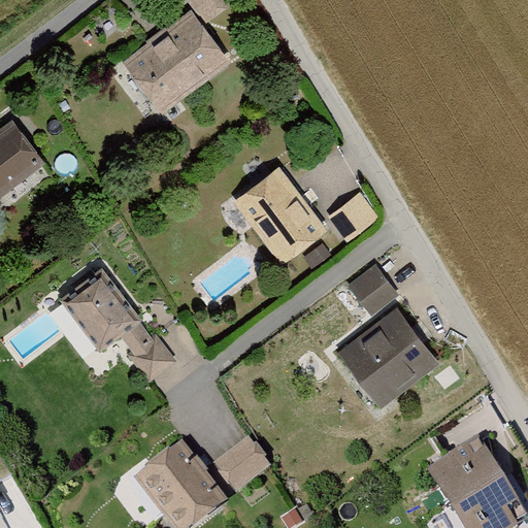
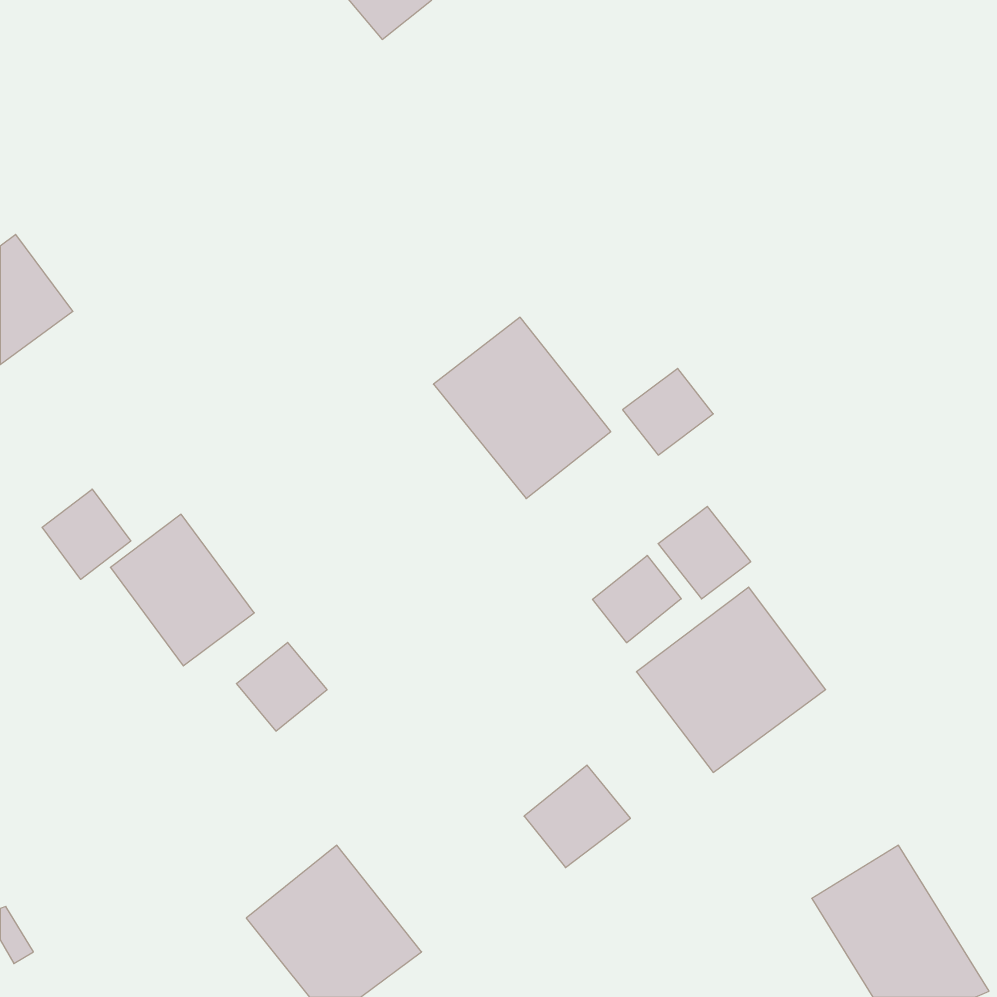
building: [124,10,228,110] -> none
building: none -> [42,489,131,579]
building: none -> [593,555,681,643]
building: [214,438,270,492] -> [524,765,630,868]

